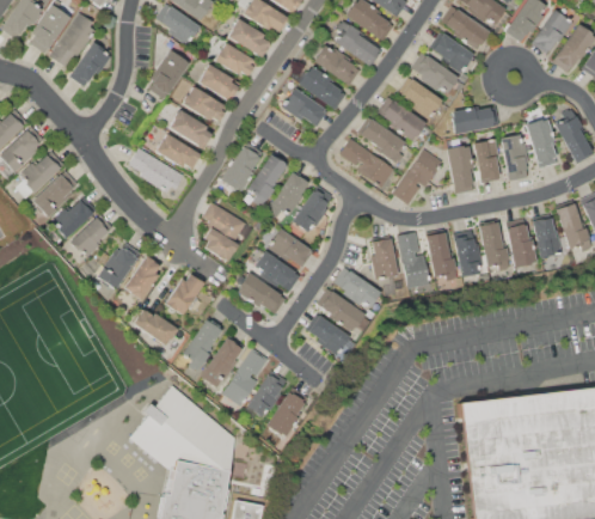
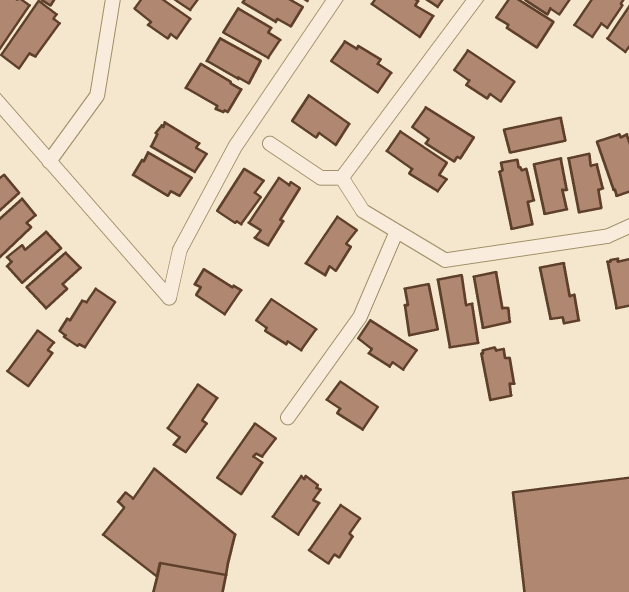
building: [335,24,382,65] -> none
building: [433,32,474,73] -> none
building: [69,42,110,86] -> none
building: [149,50,190,99] -> none
building: [298,66,348,110] -> none
building: [400,79,442,118] -> none
building: [182,85,227,123] -> none
building: [341,138,395,188] -> none
building: [129,147,184,191] -> none
building: [394,148,443,204] -> none
building: [266,169,311,218] -> none
building: [202,201,247,243] -> none
building: [508,222,538,267] -> none
building: [269,227,313,265] -> none
building: [455,234,481,276] -> [481,348,514,400]
building: [124,255,161,299] -> [7,331,54,386]
building: [238,271,287,312] -> none
building: [165,273,204,315] -> none
building: [317,291,366,331] -> none
building: [134,307,178,344] -> none
building: [202,336,243,386] -> none
building: [247,368,288,415] -> [309,505,360,563]

